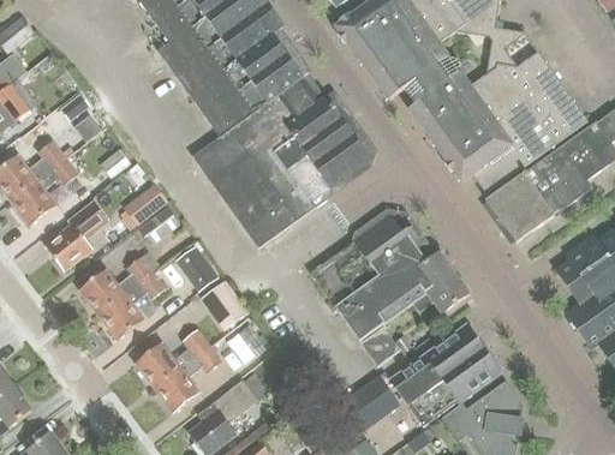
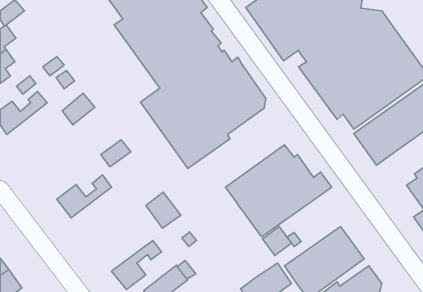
building: [11,156,78,224] -> none
building: [124,184,167,223] -> none
building: [47,200,108,269] -> none
building: [175,245,217,289] -> none
building: [98,271,166,339] -> none
building: [413,271,470,312] -> none
building: [135,328,210,387] -> none

